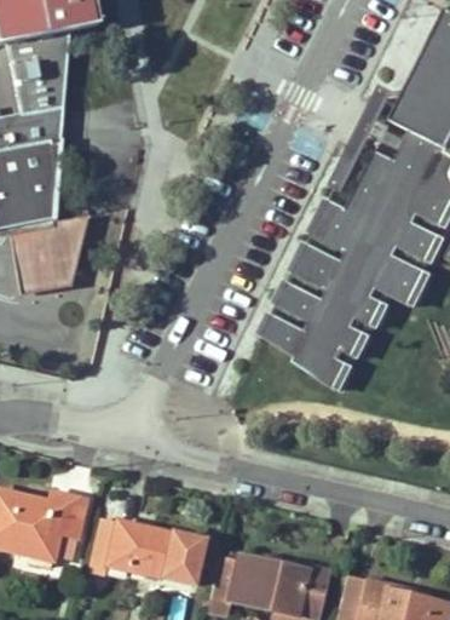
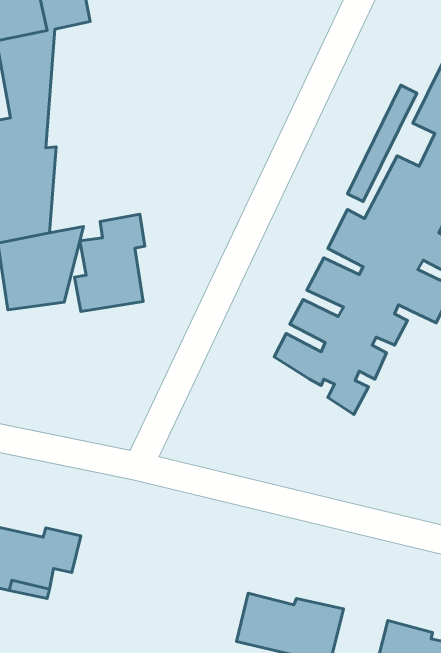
building: none -> [75,214,145,312]
building: [108,519,203,584] -> none

